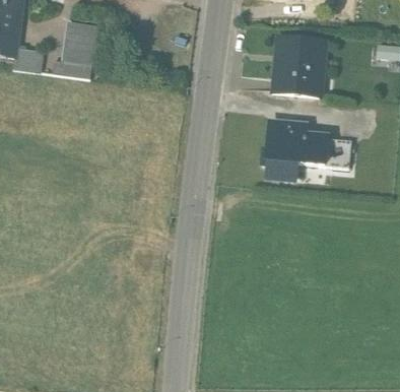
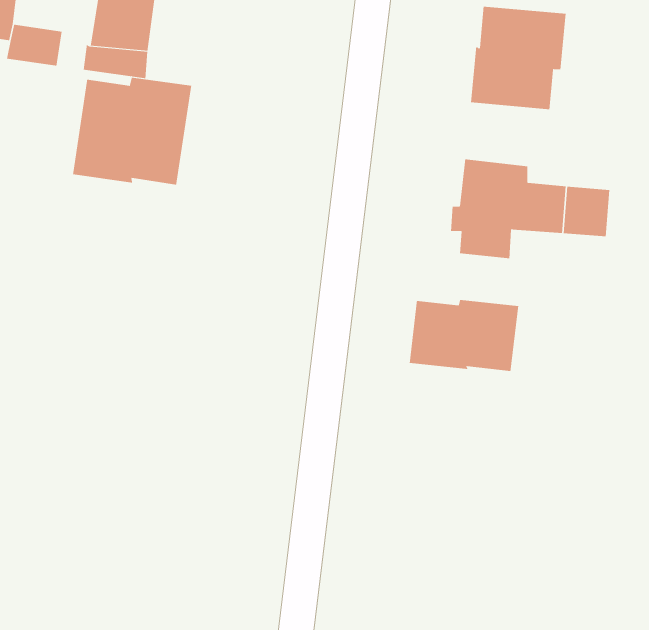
building: none -> [72,77,192,185]
building: none -> [409,299,519,372]

